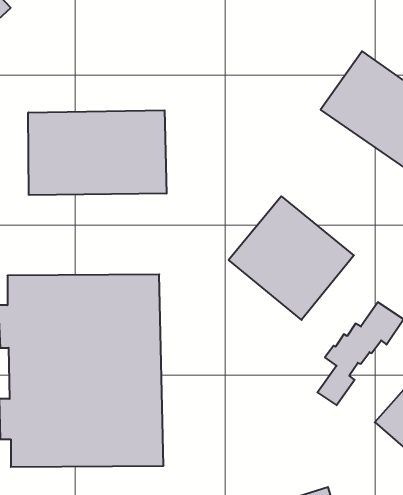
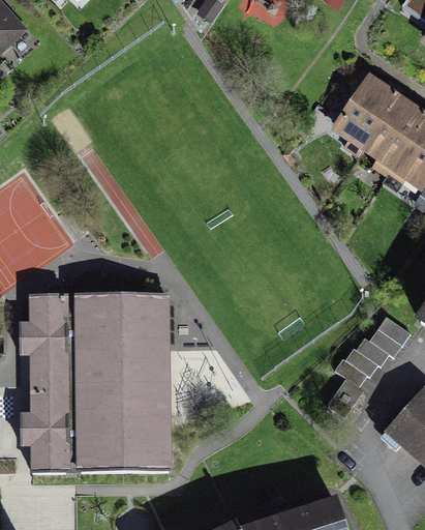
building: [28,110,167,195] -> none
building: [229,196,354,320] -> none

